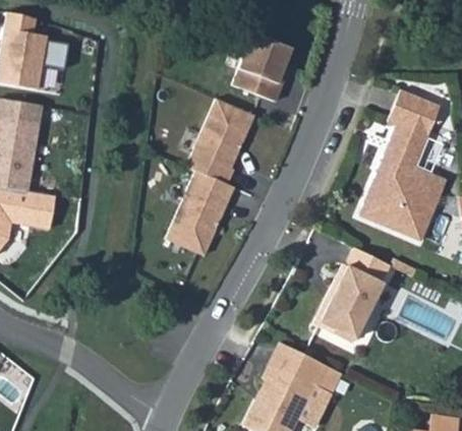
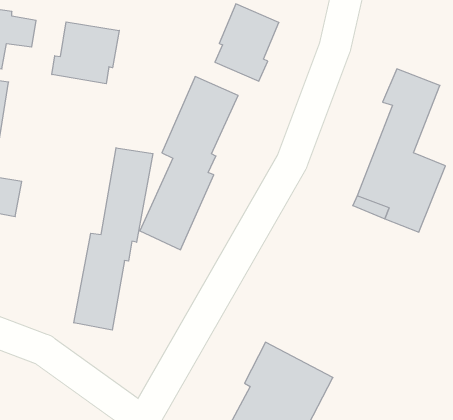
building: none -> [52,22,119,84]
building: none -> [74,148,153,330]
building: [315,248,395,346] -> none

